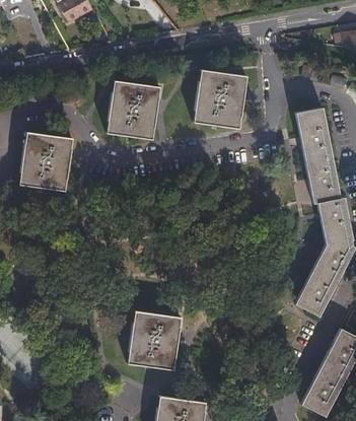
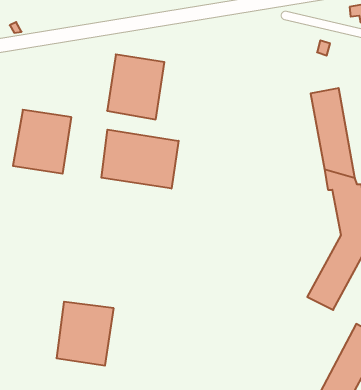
building: [194,68,248,129] -> none
building: none -> [101,130,179,189]
building: [127,310,181,370] -> [56,302,114,366]

